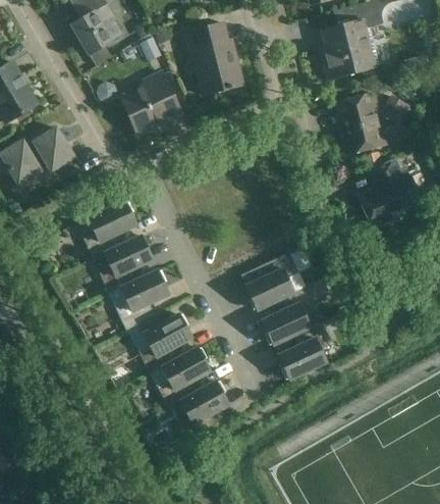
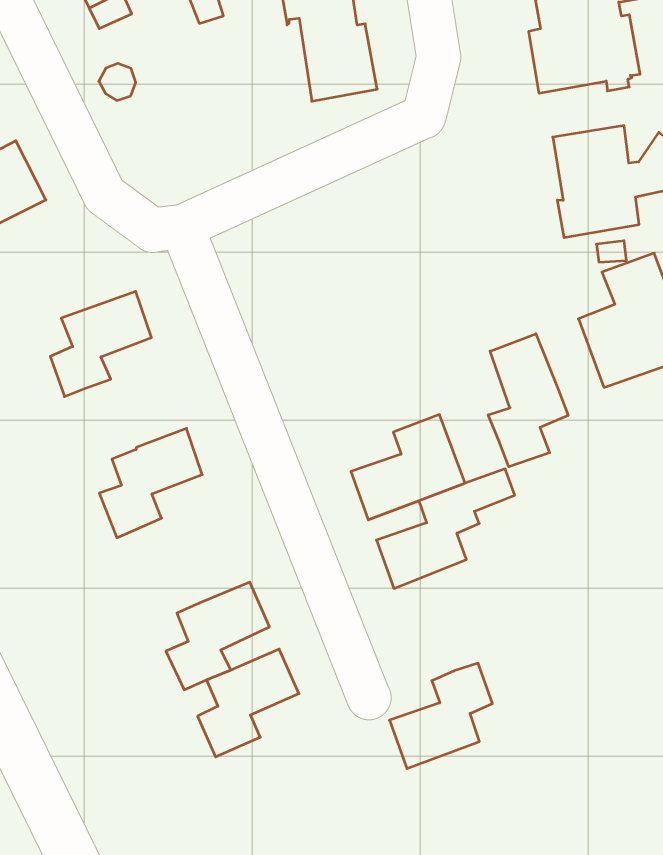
building: [120,72,181,135] -> none
building: none -> [488,334,568,467]
building: [99,236,152,295] -> none
building: [139,314,191,373] -> none
building: [278,321,331,380] -> [389,663,492,769]

